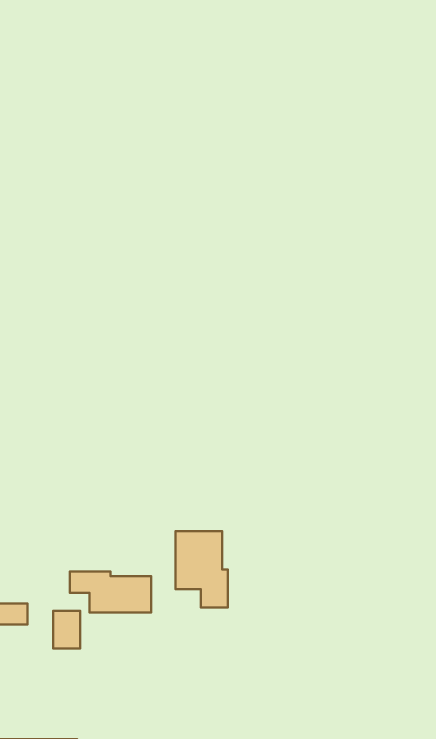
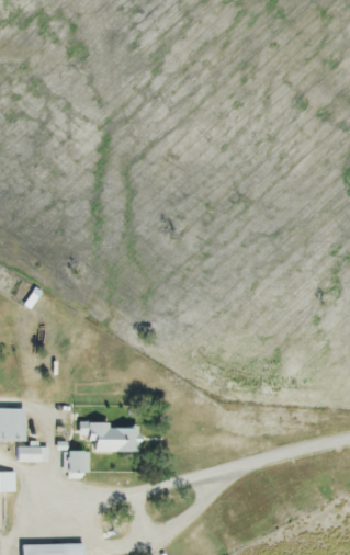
building: [176,531,228,607] -> none

